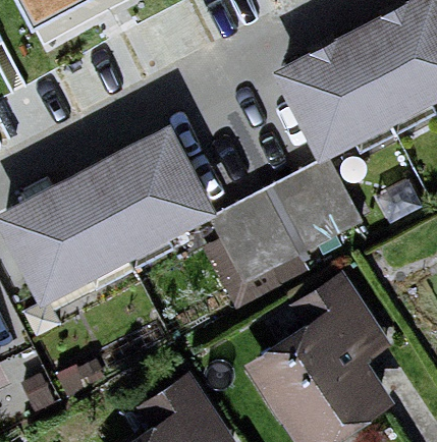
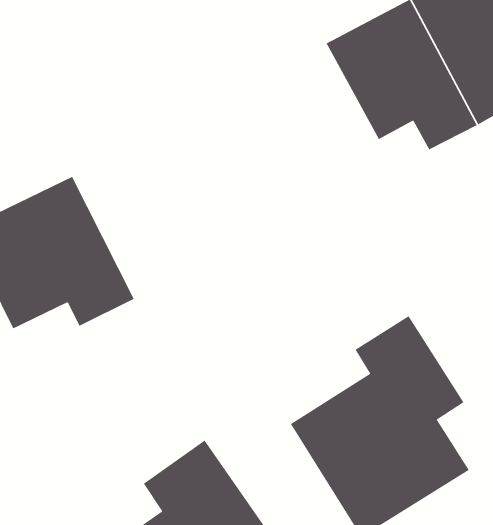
building: [85,130,207,267] -> none
building: [273,163,357,248] -> none
building: [206,191,297,285] -> none

